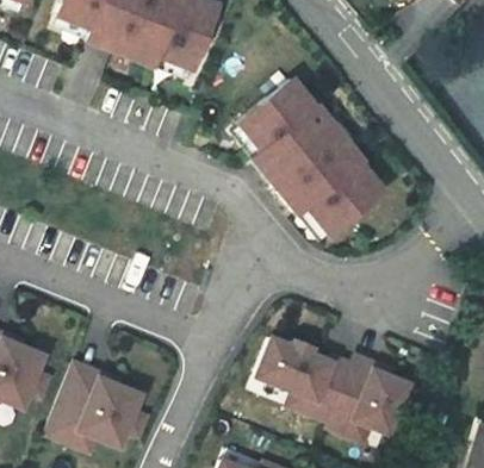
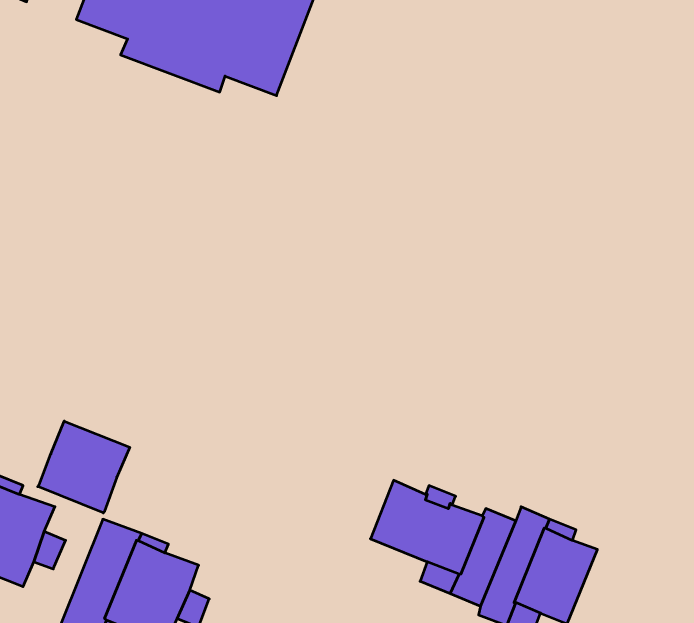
building: [238,94,385,250] -> none
building: none -> [38,421,130,513]

